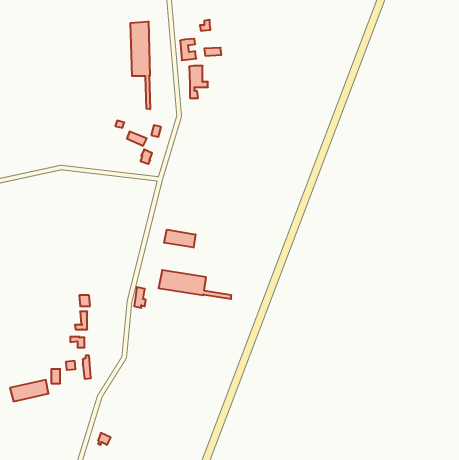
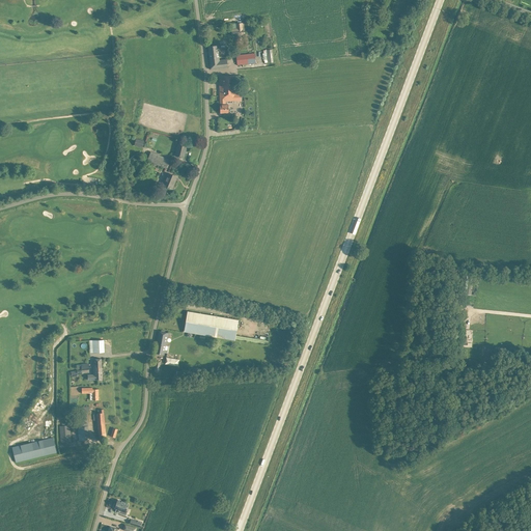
building: [130,21,150,109] -> none
building: [164,230,196,248] -> none

